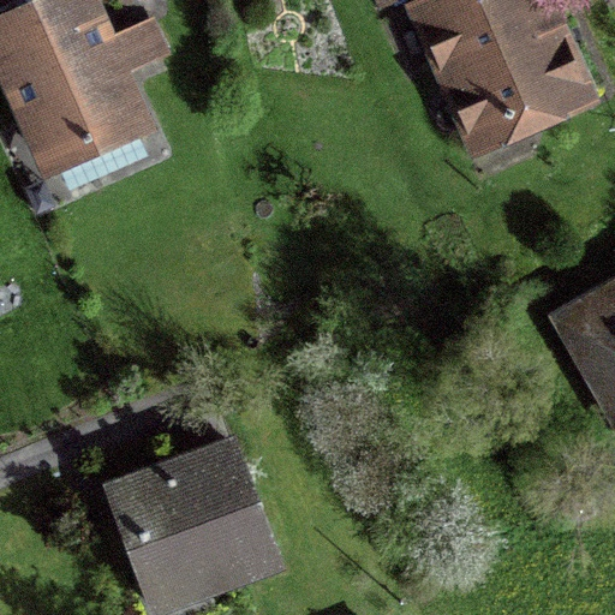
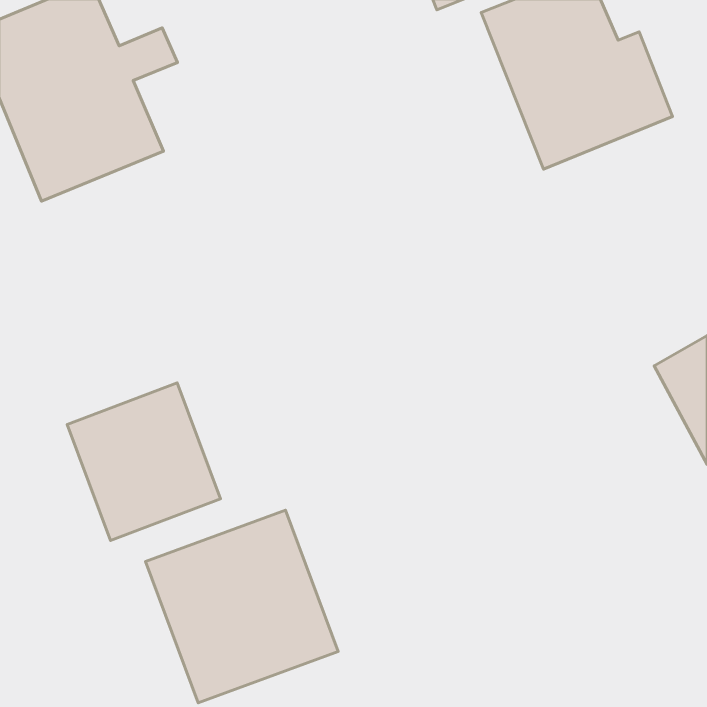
building: none -> [67,383,220,541]

